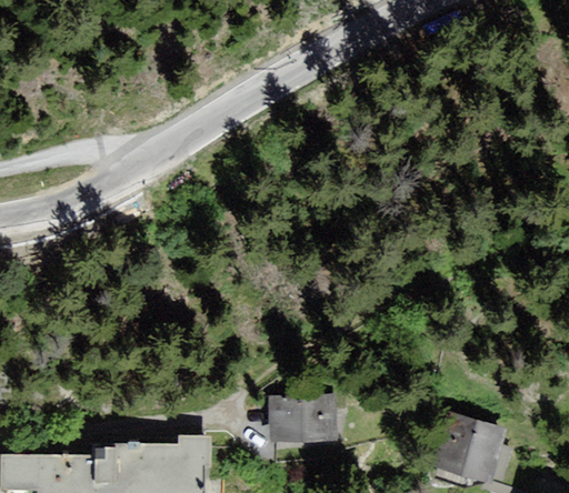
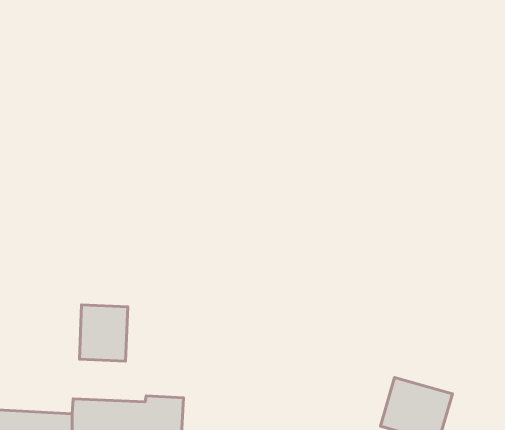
building: none -> [79,305,128,361]
building: [270,398,339,442] -> none

